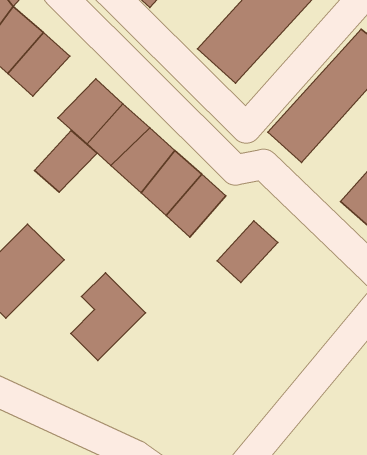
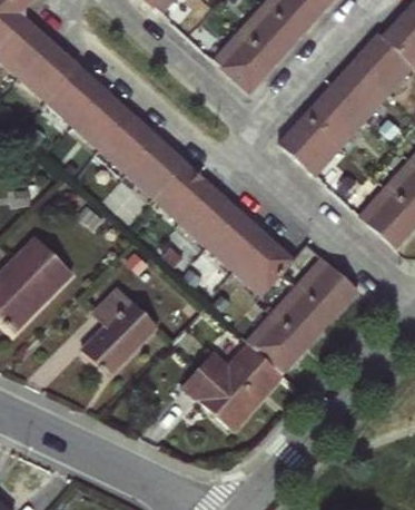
building: [34,130,97,192] -> [41,65,106,128]
building: none -> [202,208,268,275]
building: none -> [246,255,358,374]
building: none -> [180,345,280,431]

